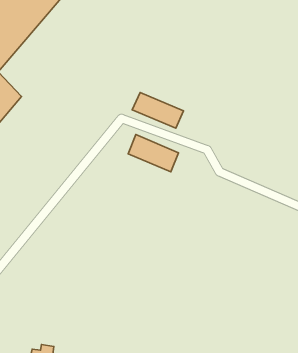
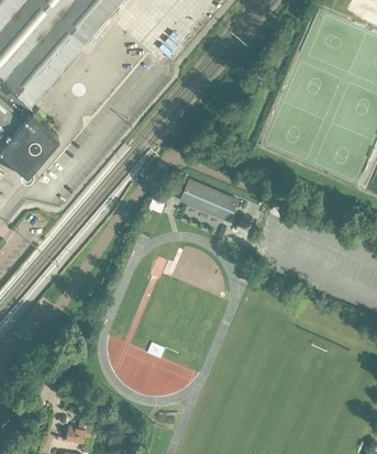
building: [132,92,184,128] -> none

